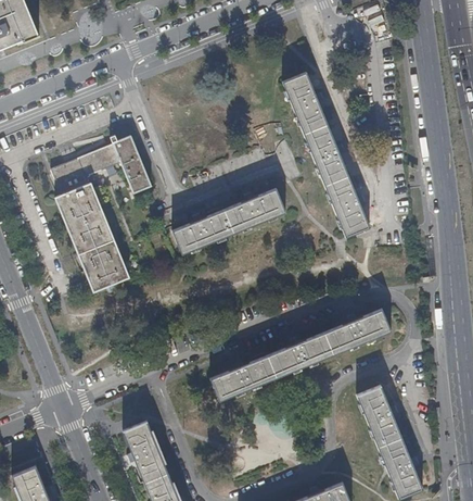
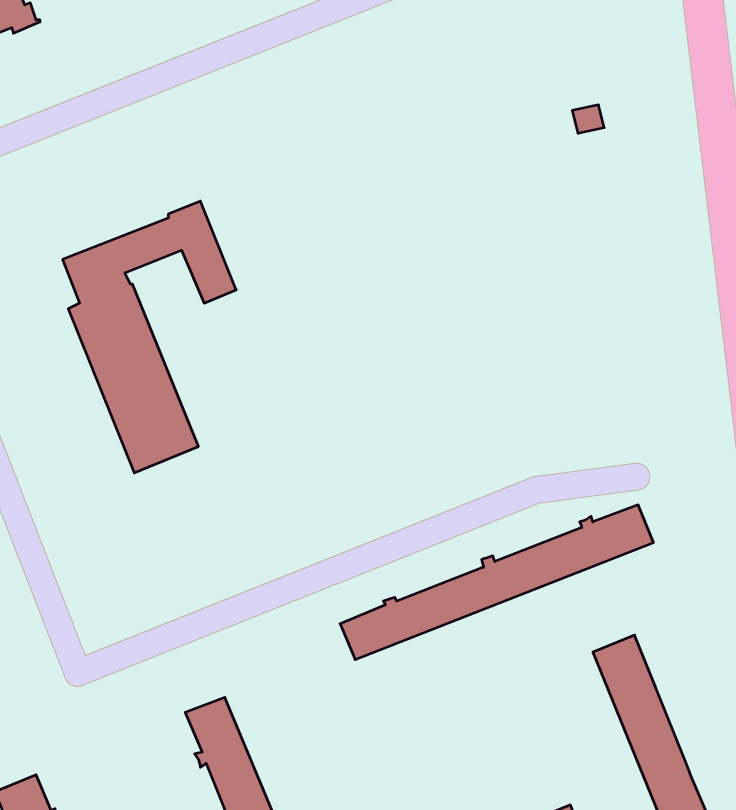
building: [282,72,369,235] -> none
building: [172,187,285,253] -> none

